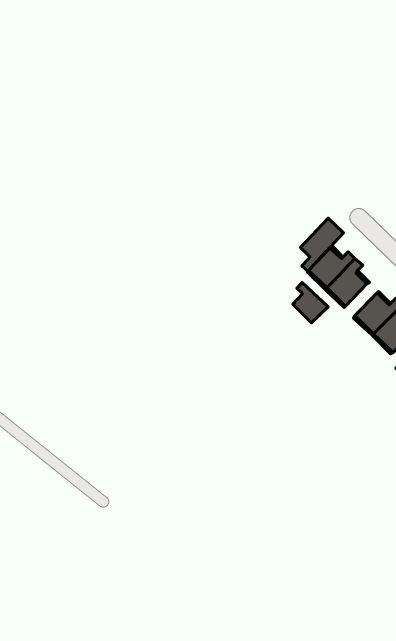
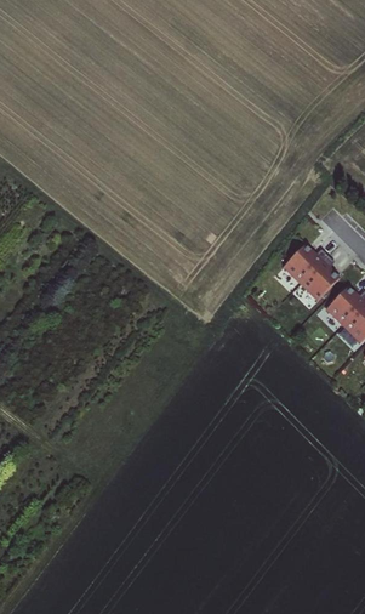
building: [301,218,343,271] -> none
building: [293,282,328,323] -> none

